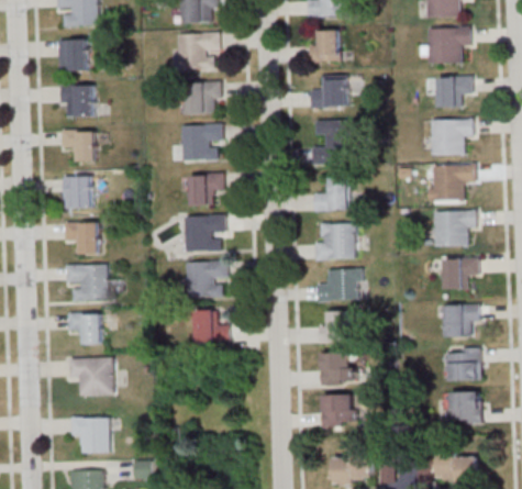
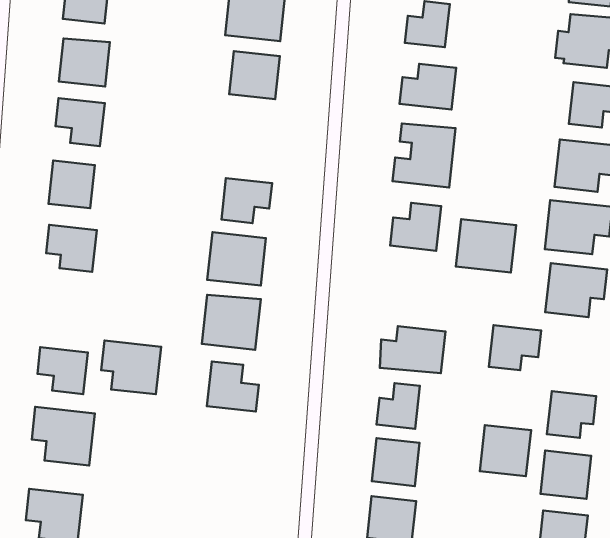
building: [182,124,222,159] -> none
building: [315,224,356,259] -> [456,219,516,273]
building: [443,258,478,289] -> [489,325,541,370]
building: [66,265,108,300] -> [101,341,161,394]
building: none -> [480,425,531,476]

